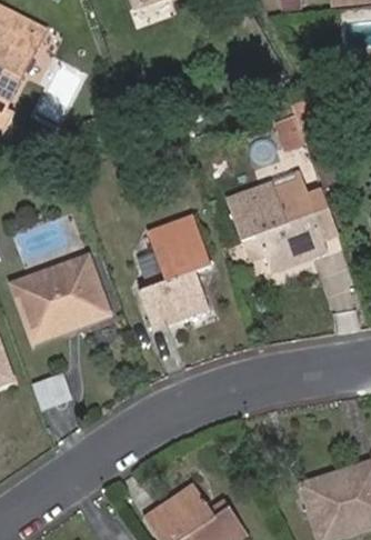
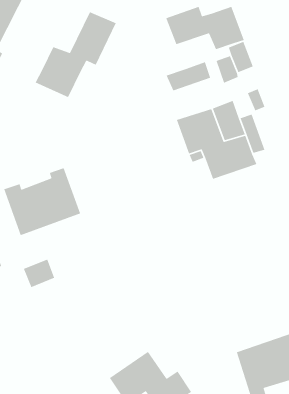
building: none -> [165,6,245,50]
building: none -> [34,11,117,98]
building: none -> [165,61,211,91]
building: [140,214,211,329] -> none

